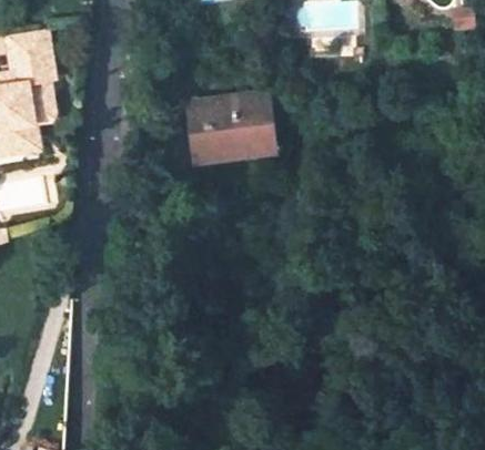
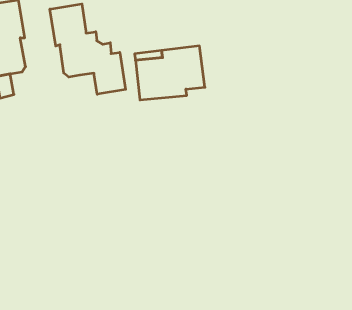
building: none -> [50,4,126,94]

